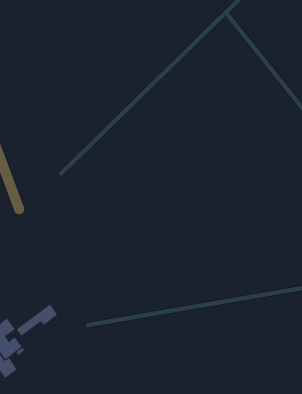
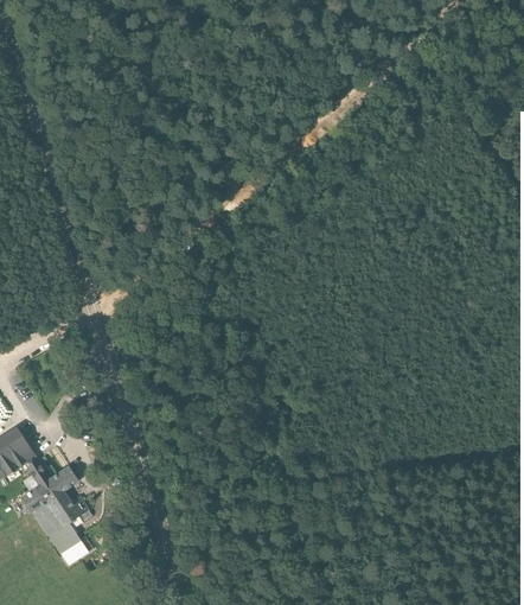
building: [16,304,58,336] -> none

